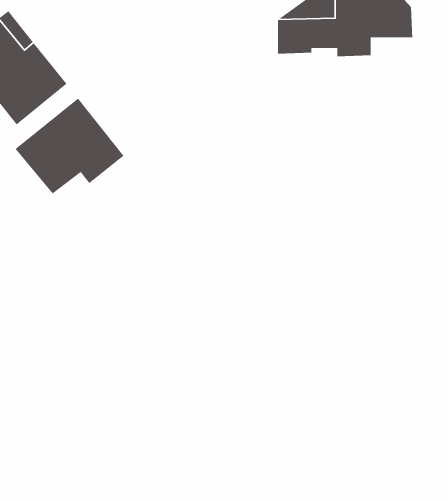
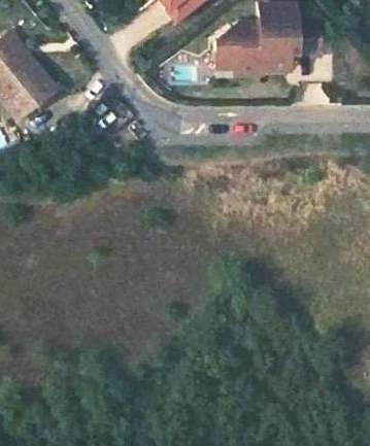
building: [15,98,124,195] -> none

